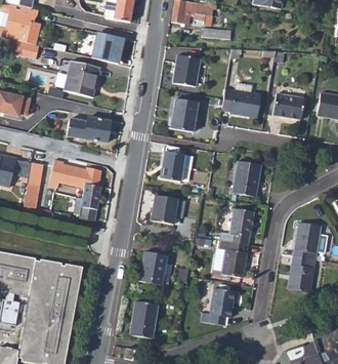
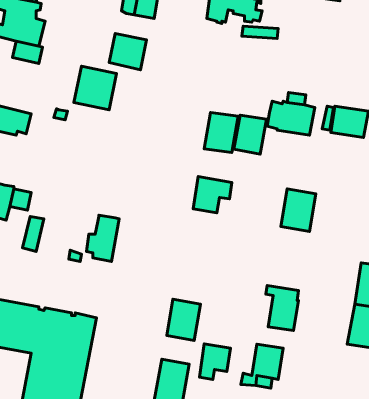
building: [174,54,201,86] -> [234,115,267,154]
building: [67,117,111,141] -> none
building: [48,163,101,191] -> none
building: [152,195,178,225] -> none
building: [222,208,254,244] -> none
building: none -> [200,344,230,379]

